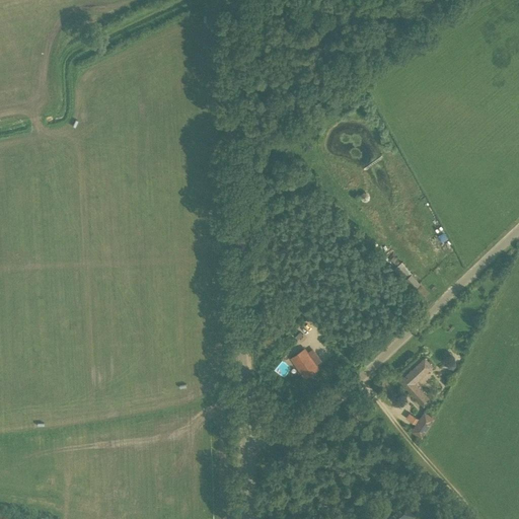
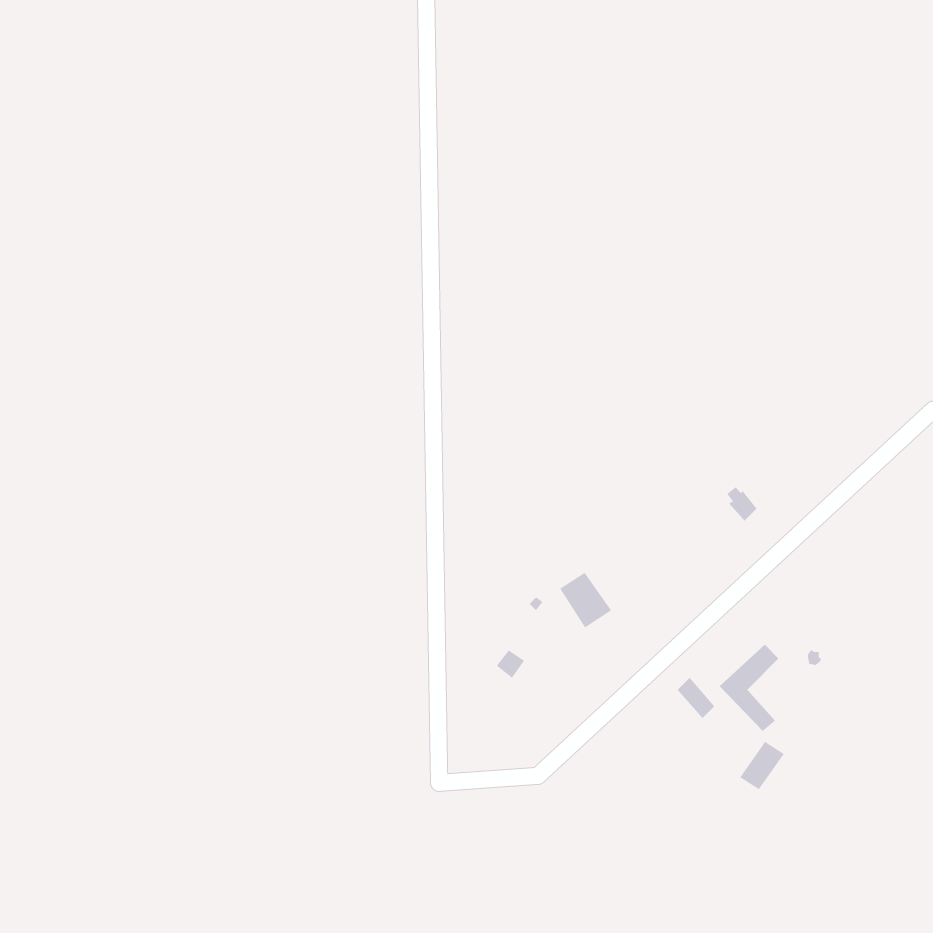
building: [290,347,319,378] -> [559,572,612,629]

